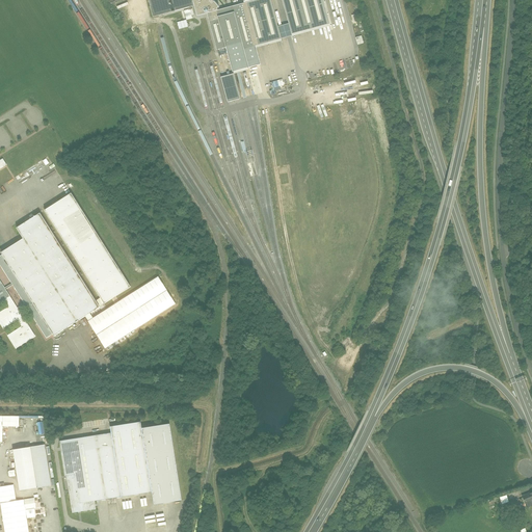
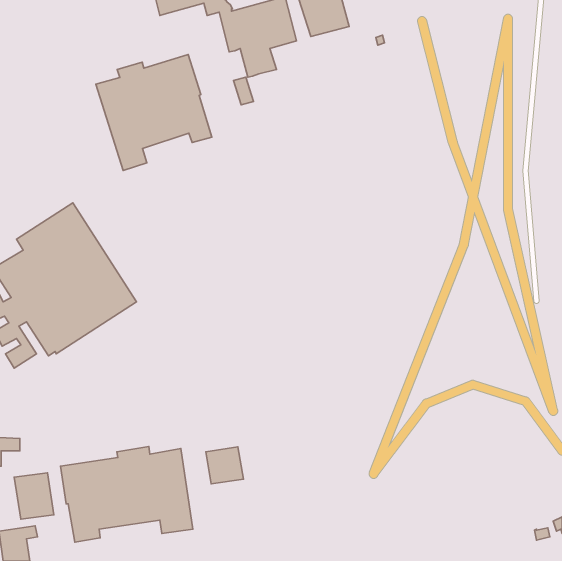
building: none -> [96,54,212,171]
building: [86,275,176,348] -> none
building: none -> [206,447,243,484]

